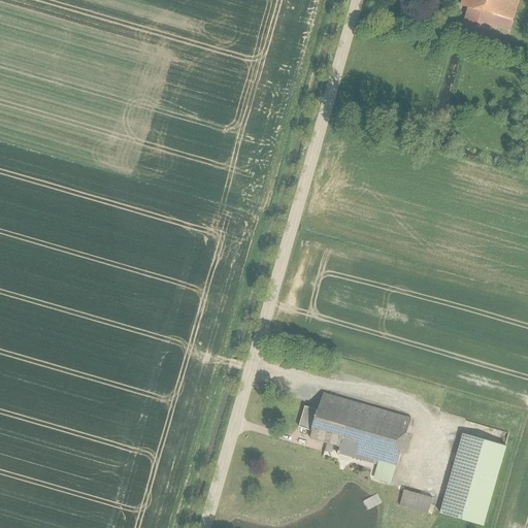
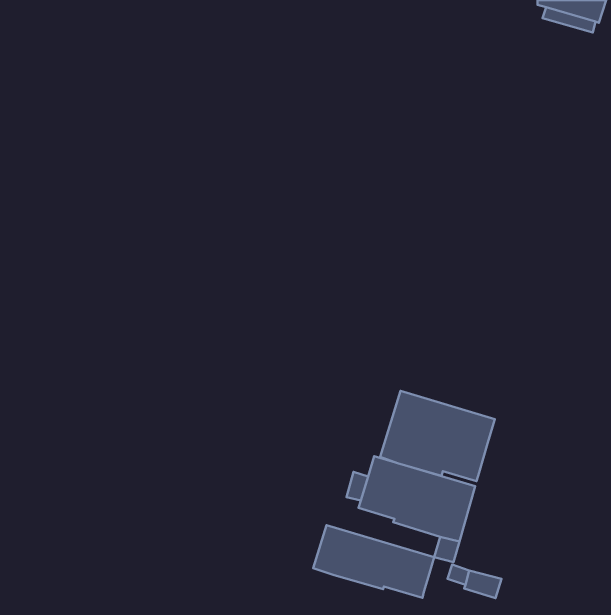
building: none -> [380,391,495,481]
building: [439,434,504,523] -> none
building: none -> [313,525,434,598]

